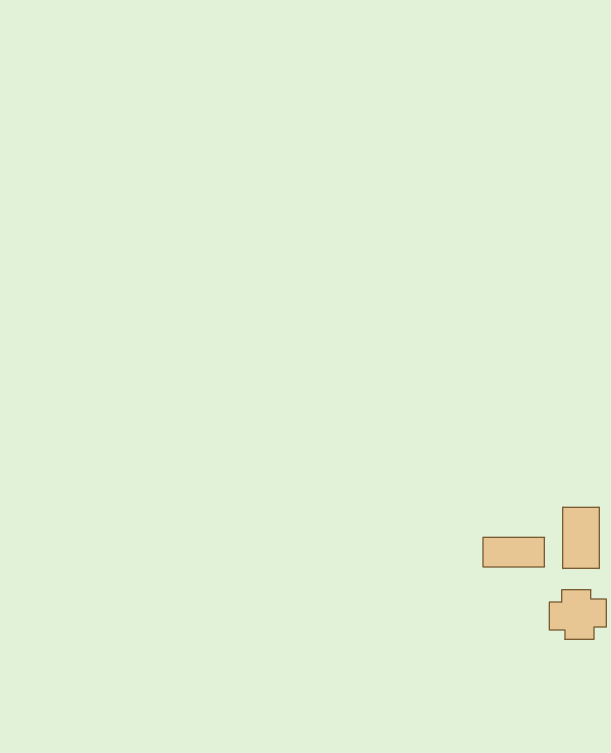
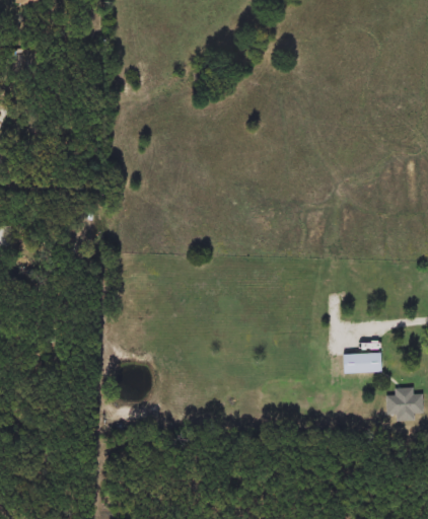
building: [563,507,599,569] -> none

